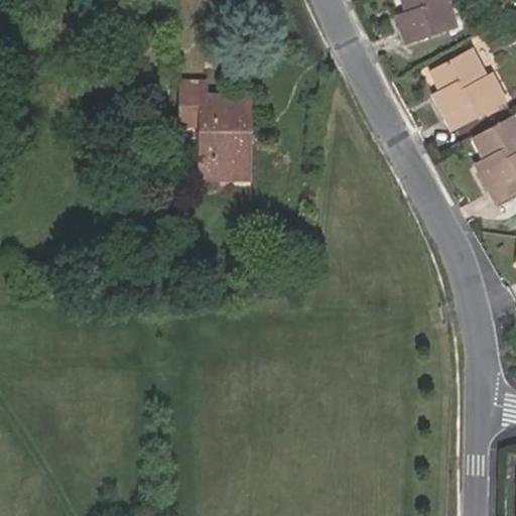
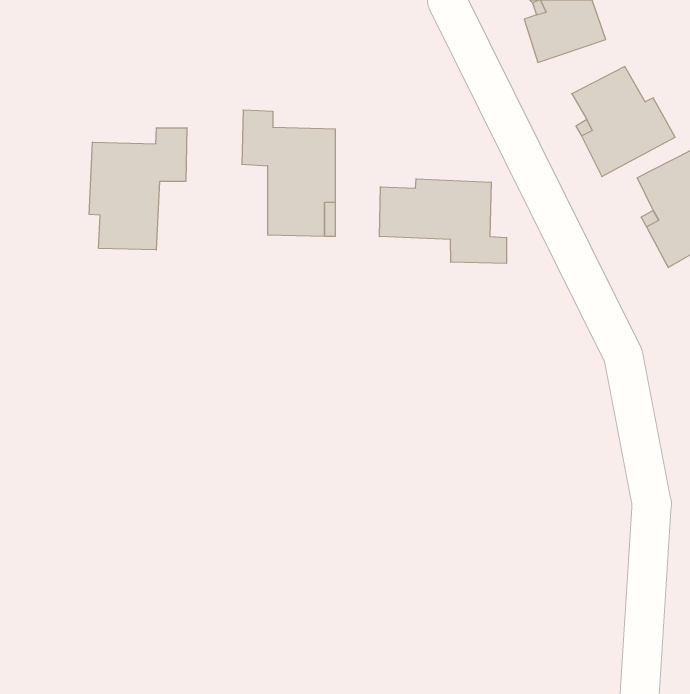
building: none -> [89,128,187,250]
building: none -> [379,179,507,263]

